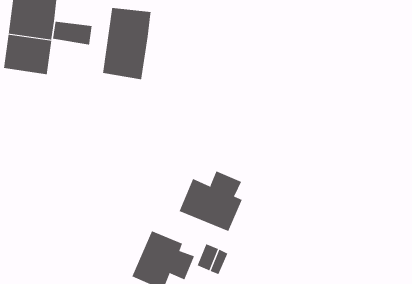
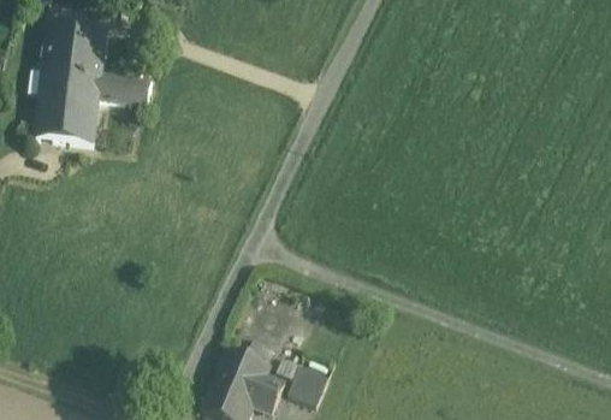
building: [102,7,151,80] -> none
building: [179,171,242,232] -> none

